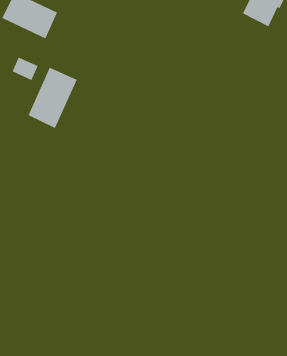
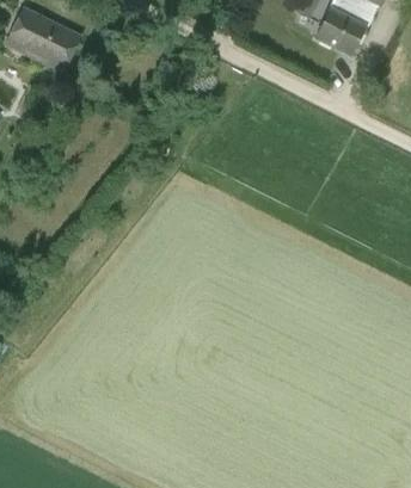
building: [28,67,78,129] -> none

